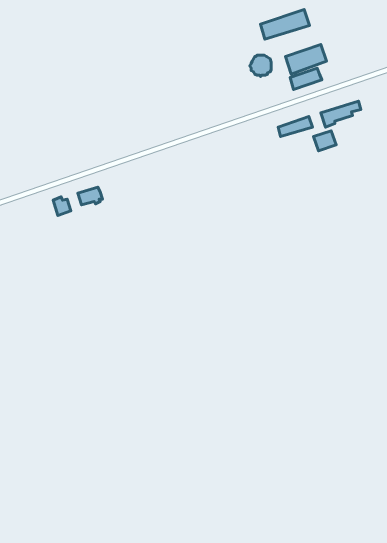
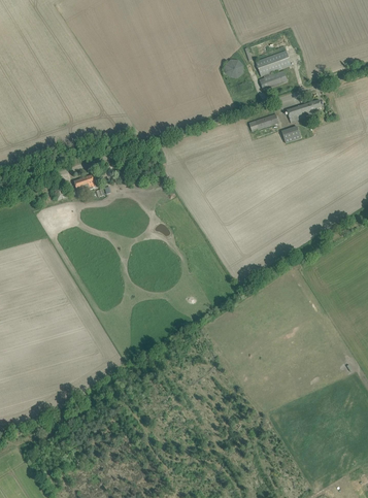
building: [260,10,309,39] -> none

